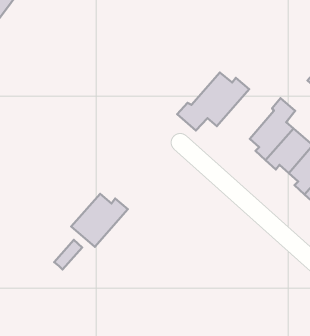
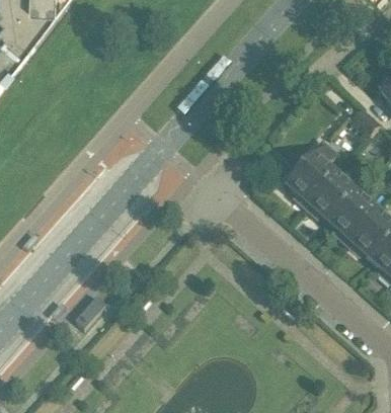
building: [177,72,249,131] -> none
building: [71,194,128,247] -> none

